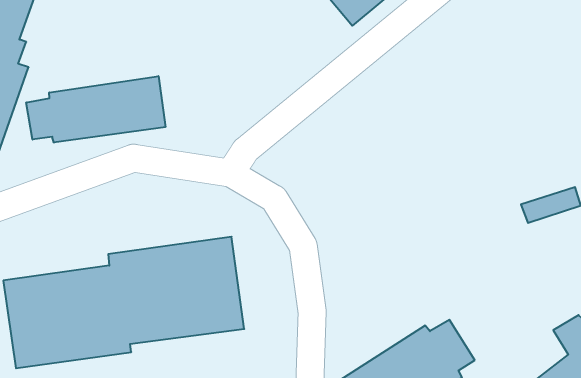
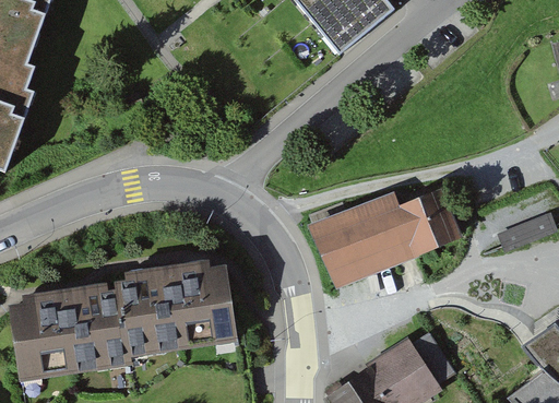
building: [26,76,165,143] -> none
building: none -> [309,189,462,288]

